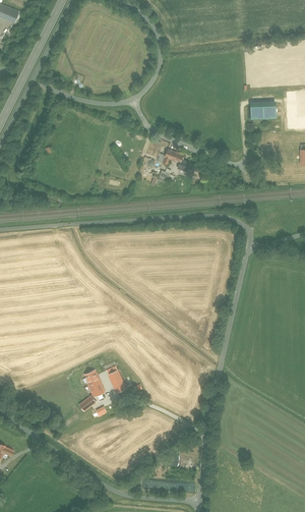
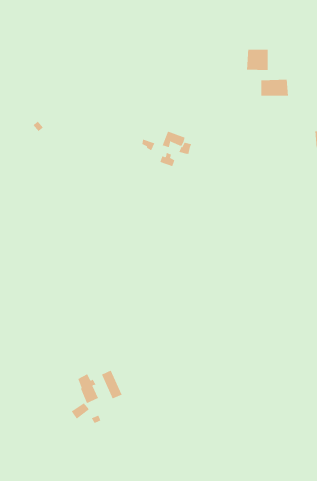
building: none -> [246,49,268,71]

